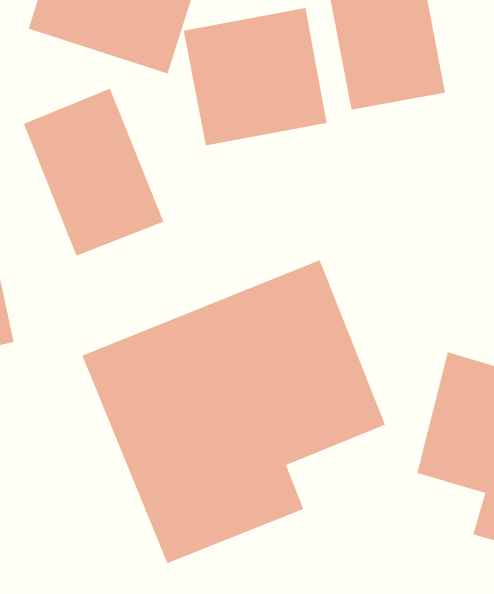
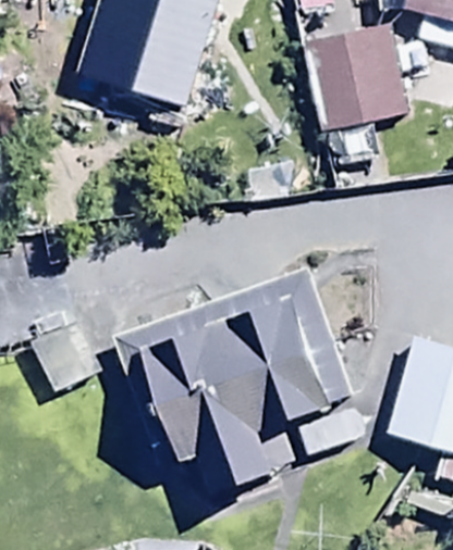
building: [183,7,327,146] -> none
building: [23,88,164,256] -> none

